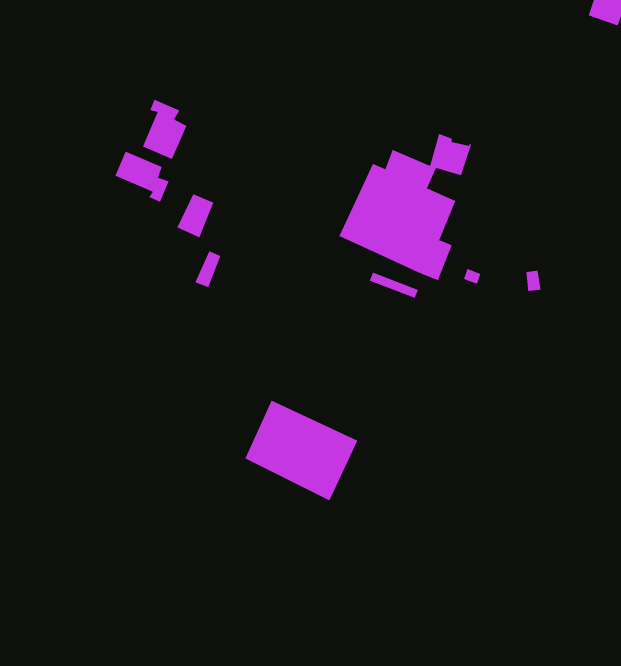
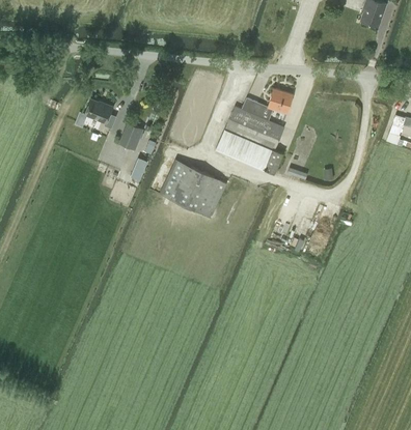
building: [142,99,187,160] -> none
building: [244,400,358,501] -> [159,160,225,219]

